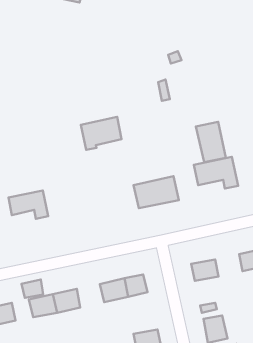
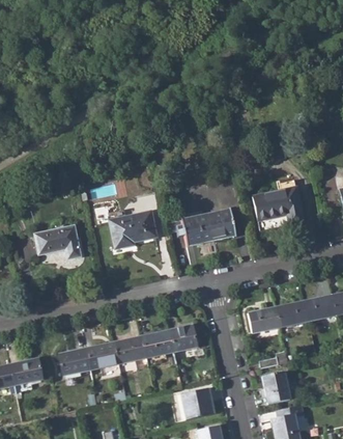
building: [81,117,121,150] -> [108,212,155,250]
building: [196,122,226,162] -> none
building: none -> [276,301,308,327]
building: [22,280,43,298] -> none
building: none -> [114,336,146,363]

